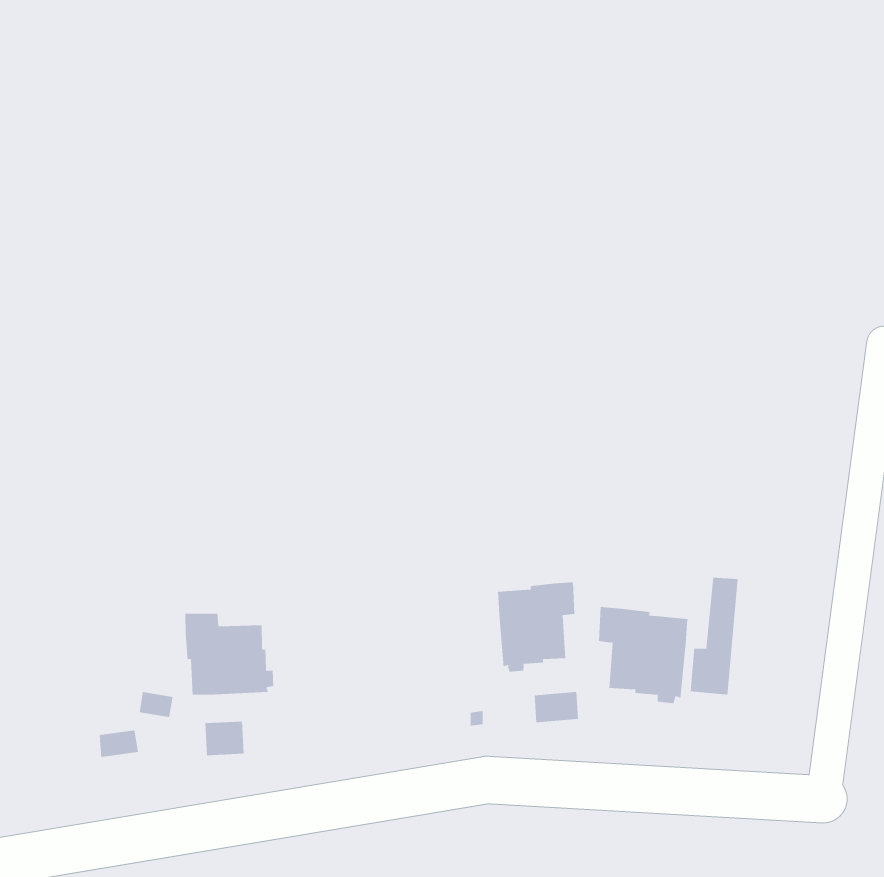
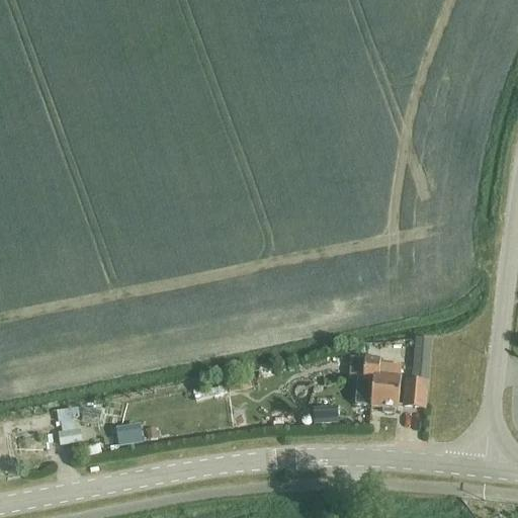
building: [498,582,575,672] -> none
building: [185,613,274,696] -> none

